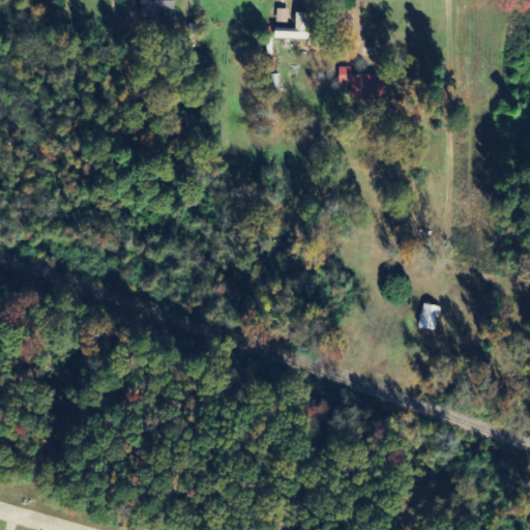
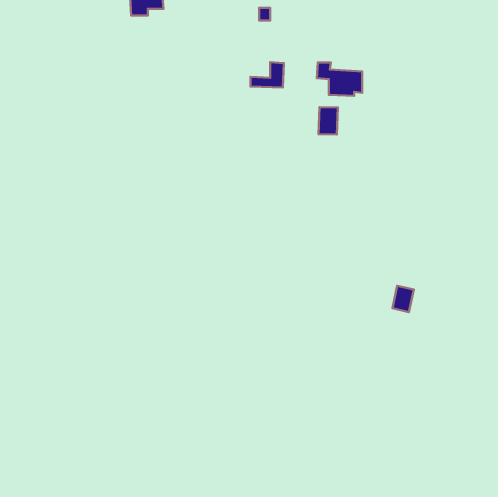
building: [273,11,308,38] -> [251,62,284,87]
building: none -> [319,107,338,134]

